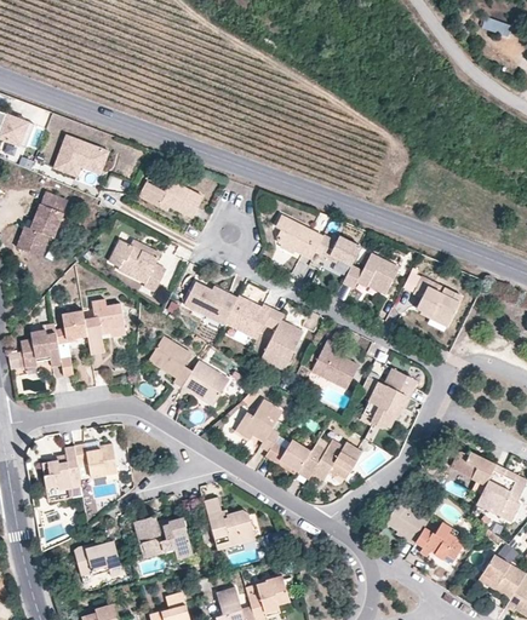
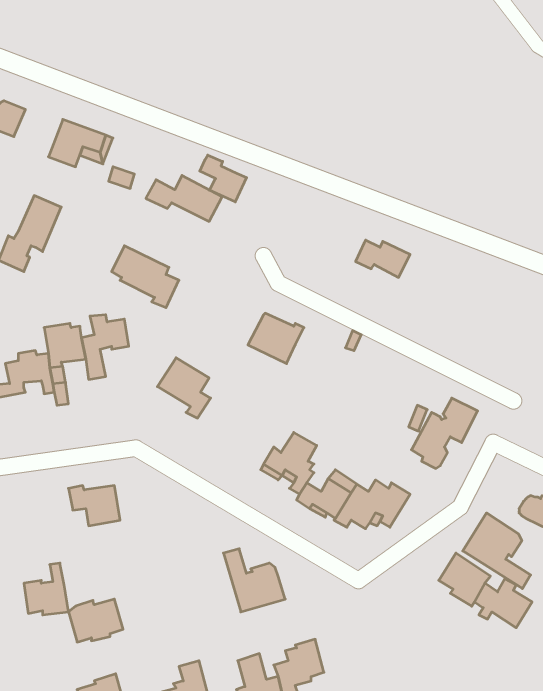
building: none -> [200,155,247,202]
building: [275,217,322,259] -> none
building: [343,256,399,291] -> none
building: [413,279,463,322] -> none
building: [185,285,237,325] -> none
building: [263,310,303,368] -> none
building: [313,339,357,388] -> none
building: [182,360,241,406] -> none
building: [42,446,80,489] -> [24,563,68,615]
building: none -> [463,513,531,589]
building: [133,515,193,558] -> none

